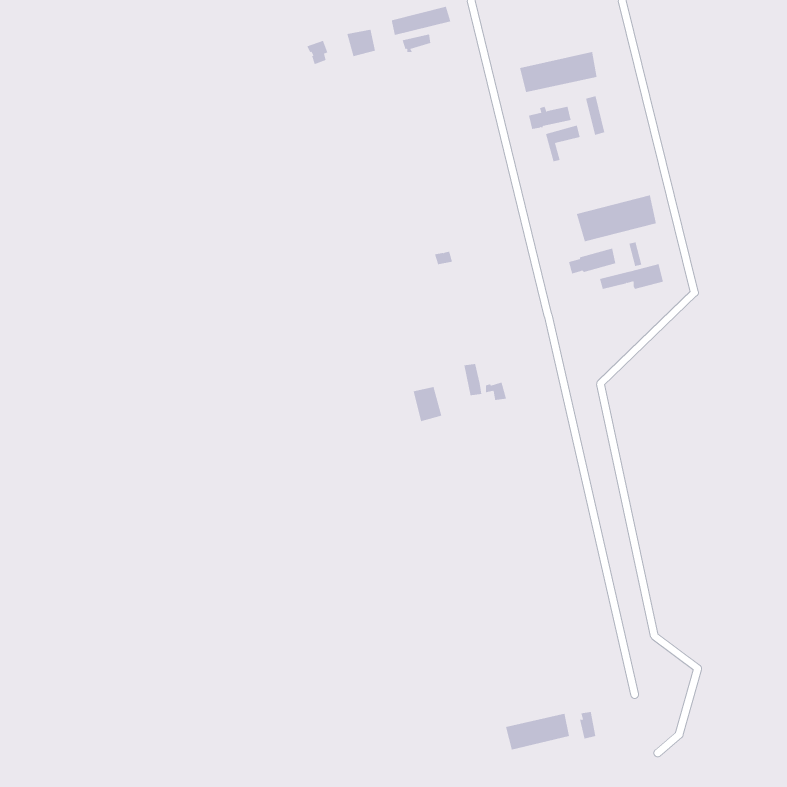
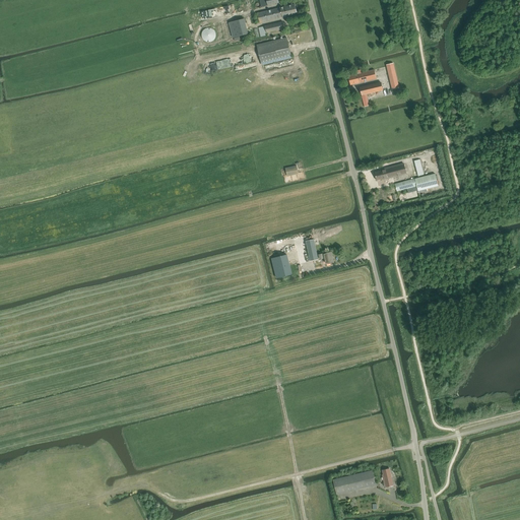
building: [519,51,597,93] -> none
building: none -> [257,38,291,65]
building: [576,194,657,242] -> none

